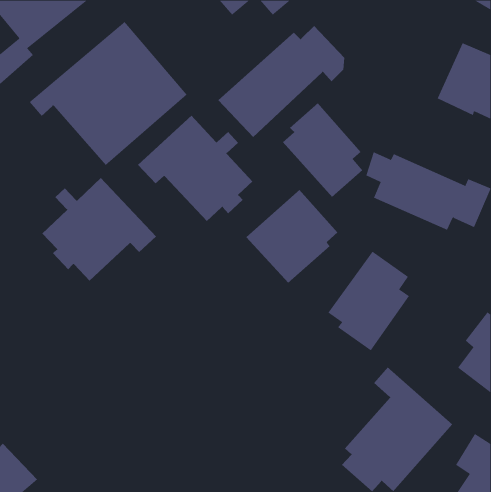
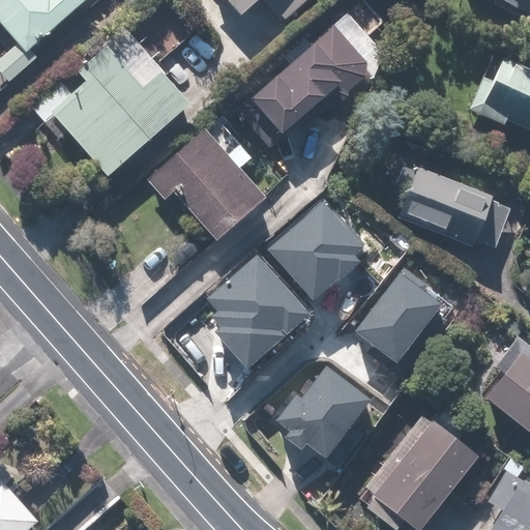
building: [282,102,363,198] -> none
building: [42,177,157,282] -> none
building: none -> [202,262,303,373]
building: none -> [267,367,364,468]

